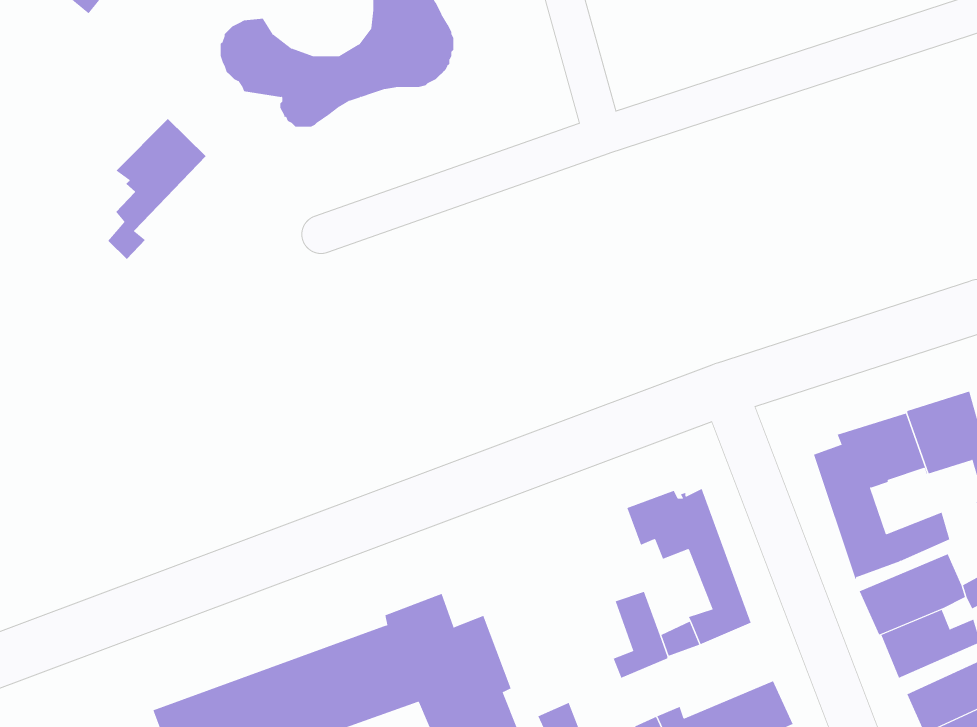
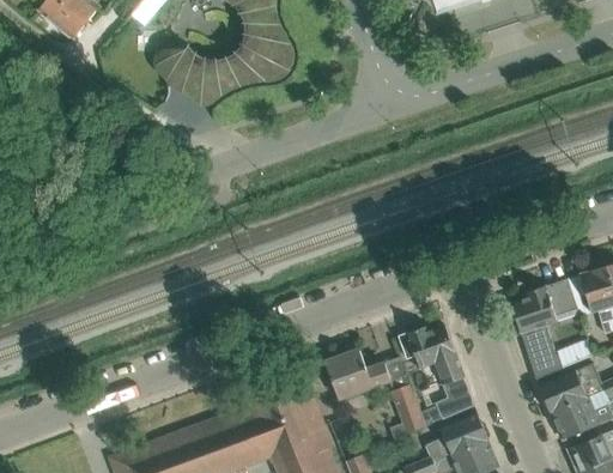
building: [107,118,207,260] -> none
building: none -> [326,351,390,399]
building: none -> [426,412,488,463]

